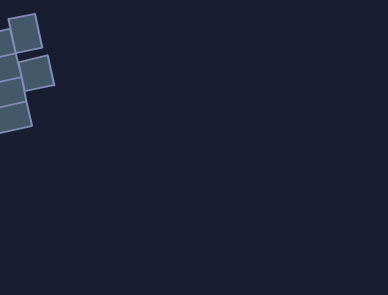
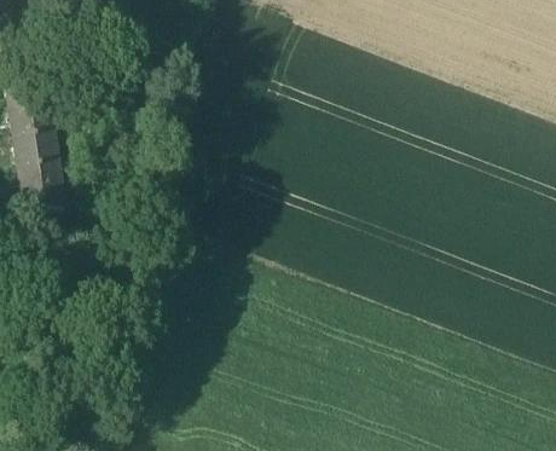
building: [9,14,42,53] -> none
building: [18,55,54,91] -> none

